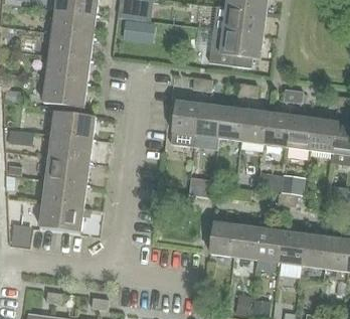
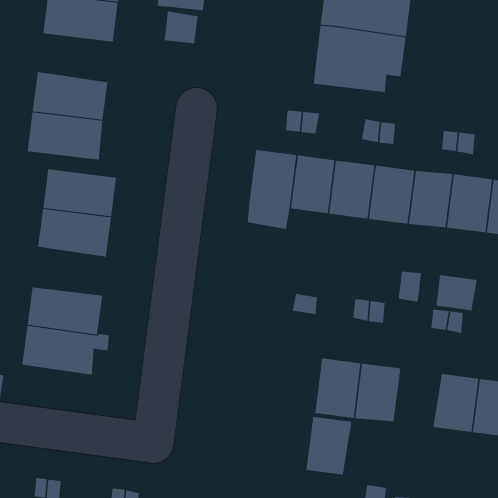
building: [48,33,93,61] -> none
building: [45,157,89,185] -> none
building: [255,227,283,262] -> [306,416,352,475]

